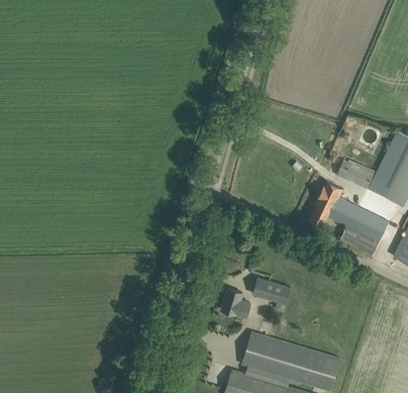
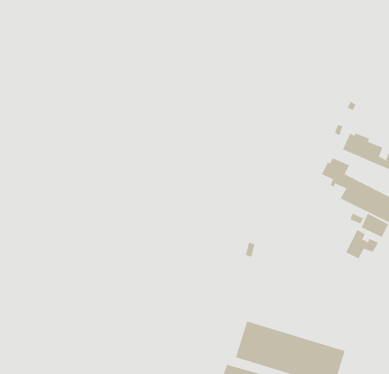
building: [310,199,340,226] -> [345,229,379,259]
building: [253,279,292,305] -> none
building: [222,289,250,318] -> none

